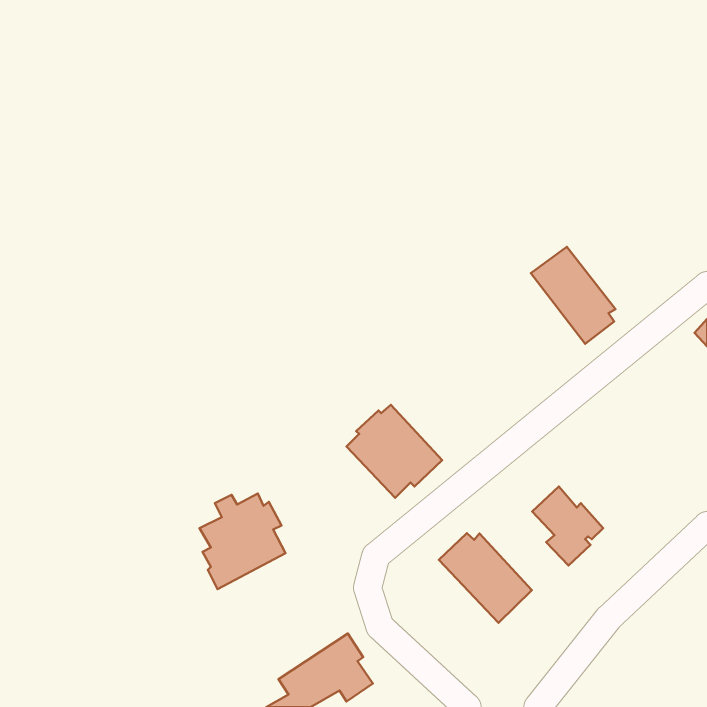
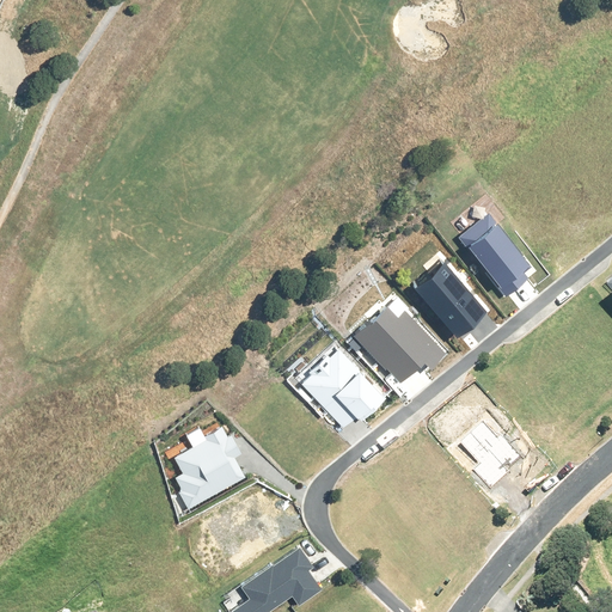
building: none -> [412,259,488,338]
building: none -> [351,304,445,385]
building: [439,533,532,623] -> none

